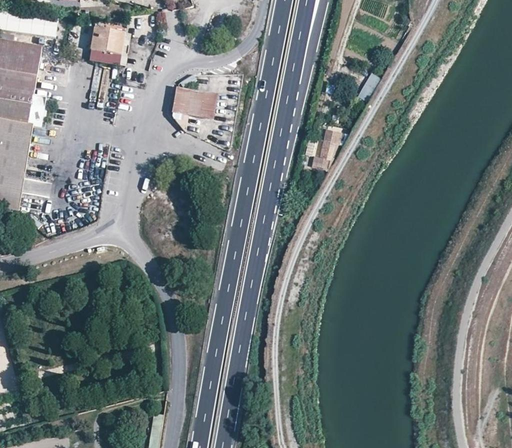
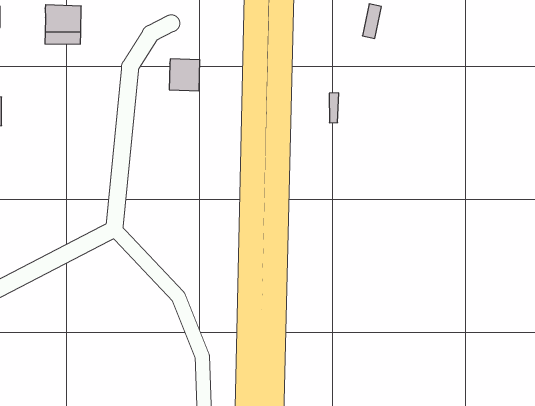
building: [170,89,191,114] -> none

